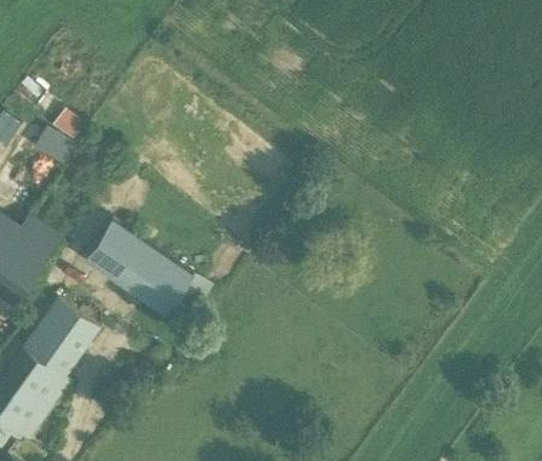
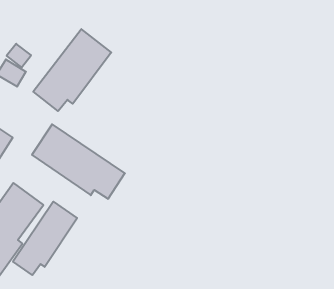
building: none -> [33,29,111,111]
building: none -> [13,202,77,275]

